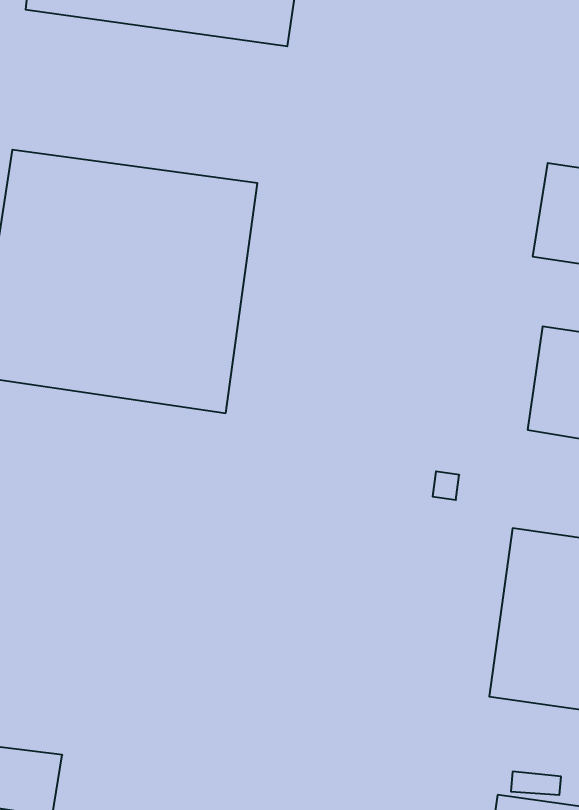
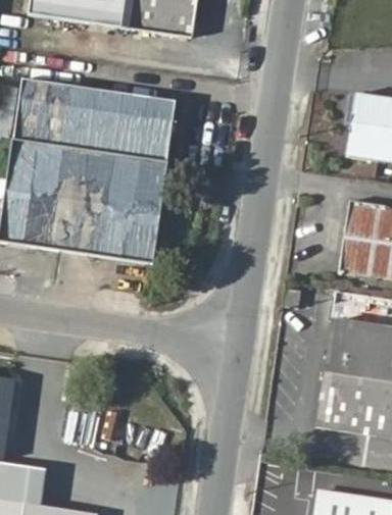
building: none -> [24,75,178,117]

